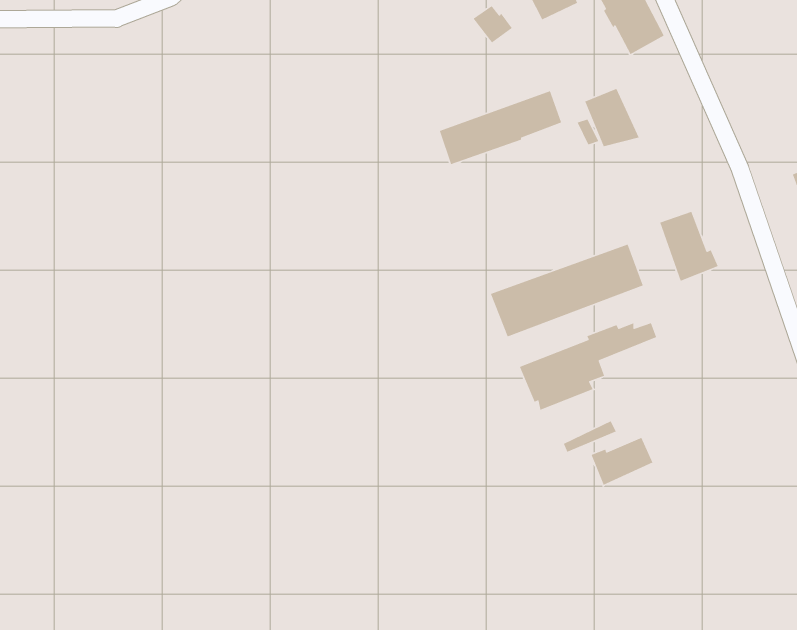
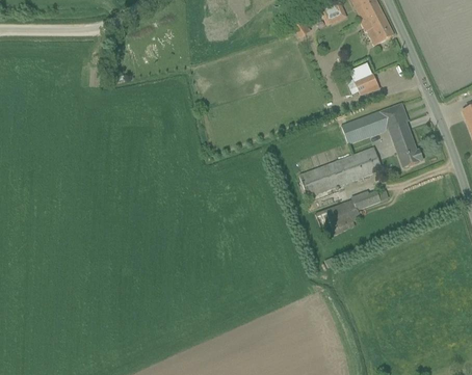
building: [439,90,562,165] -> [342,103,409,143]
building: [590,437,654,486] -> none

